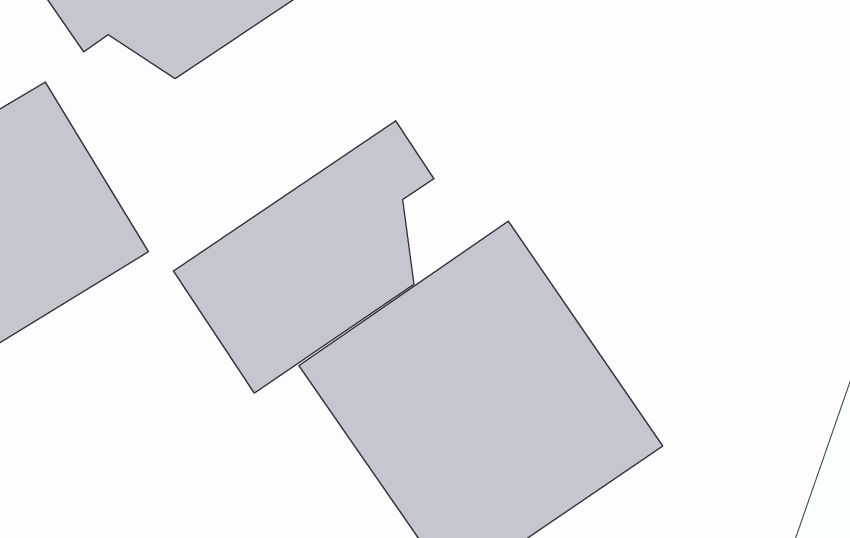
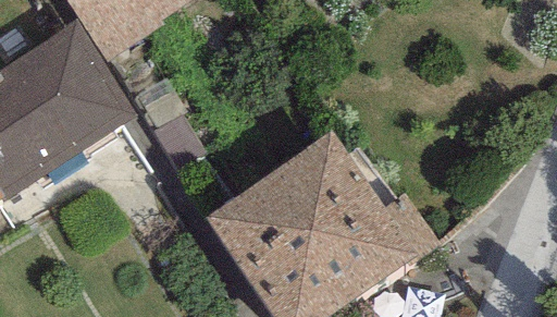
building: [173,121,434,393] -> none

